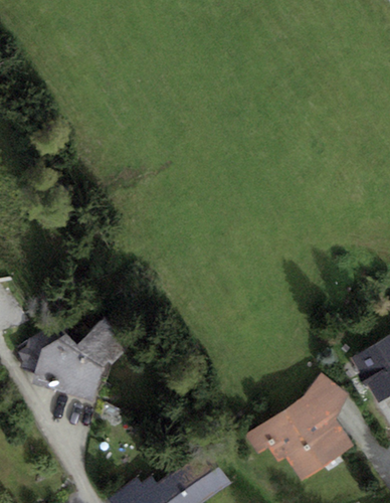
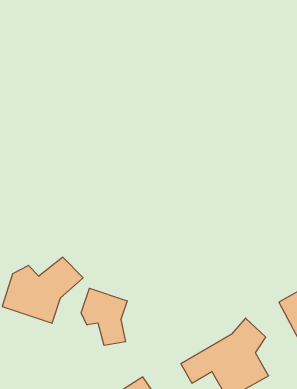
building: none -> [81,288,127,345]

